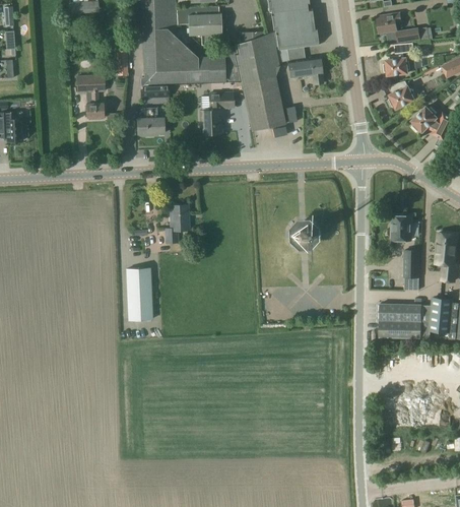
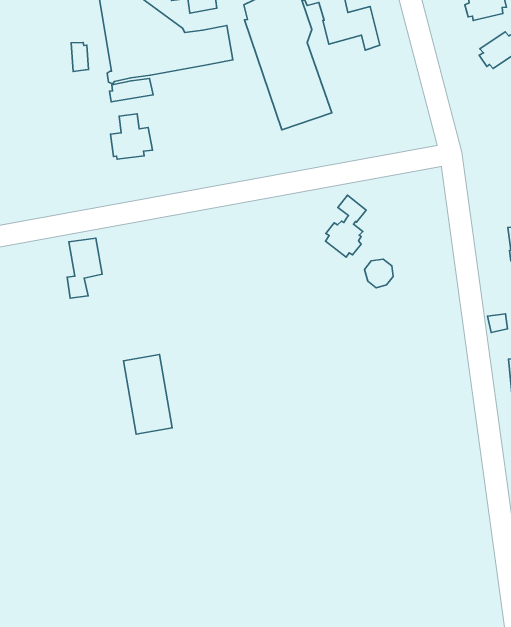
building: [76,74,105,119] -> none
building: [200,92,233,134] -> none
building: none -> [325,195,366,257]
building: [166,205,189,243] -> [67,238,102,298]

